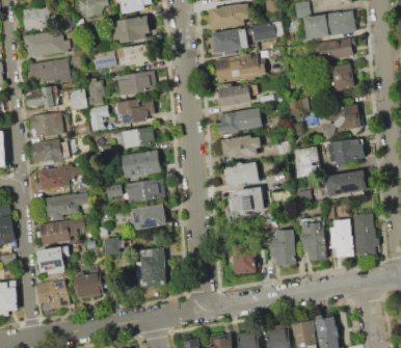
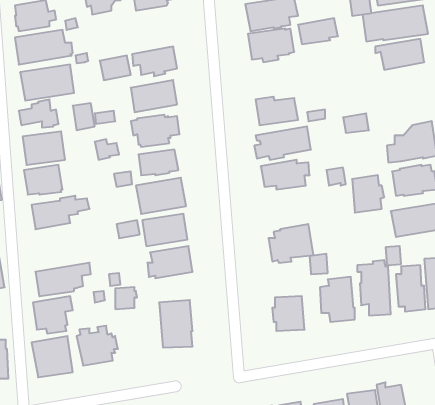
building: [109,15,151,44] -> none
building: [214,53,266,82] -> none
building: [324,62,354,91] -> none
building: [223,161,259,185] -> none
building: [43,191,88,220] -> none

